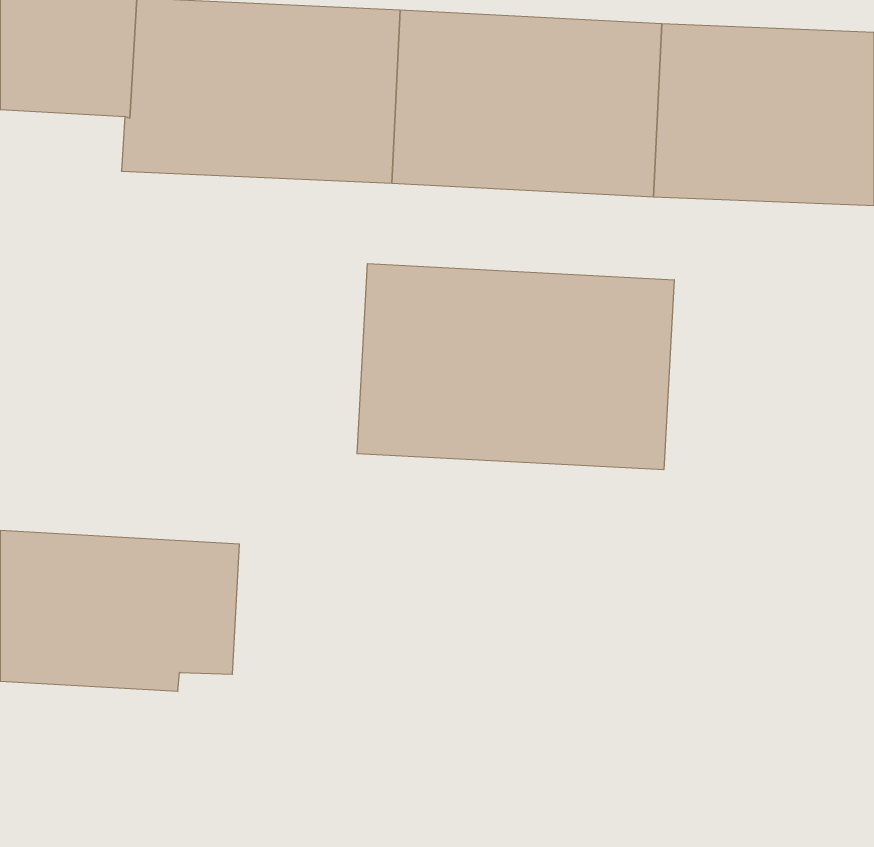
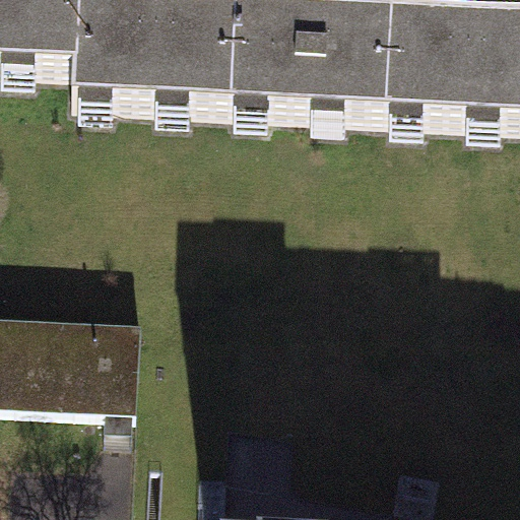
building: [357,264,674,470] -> none

